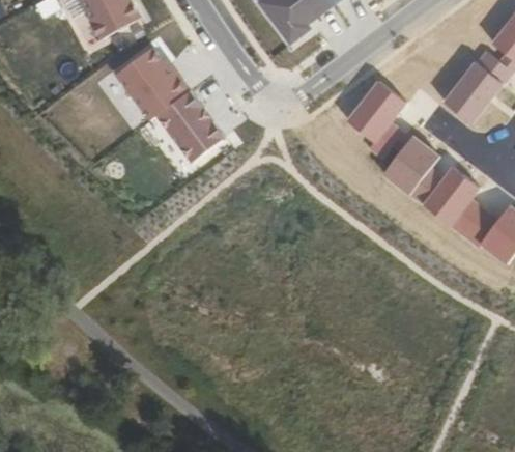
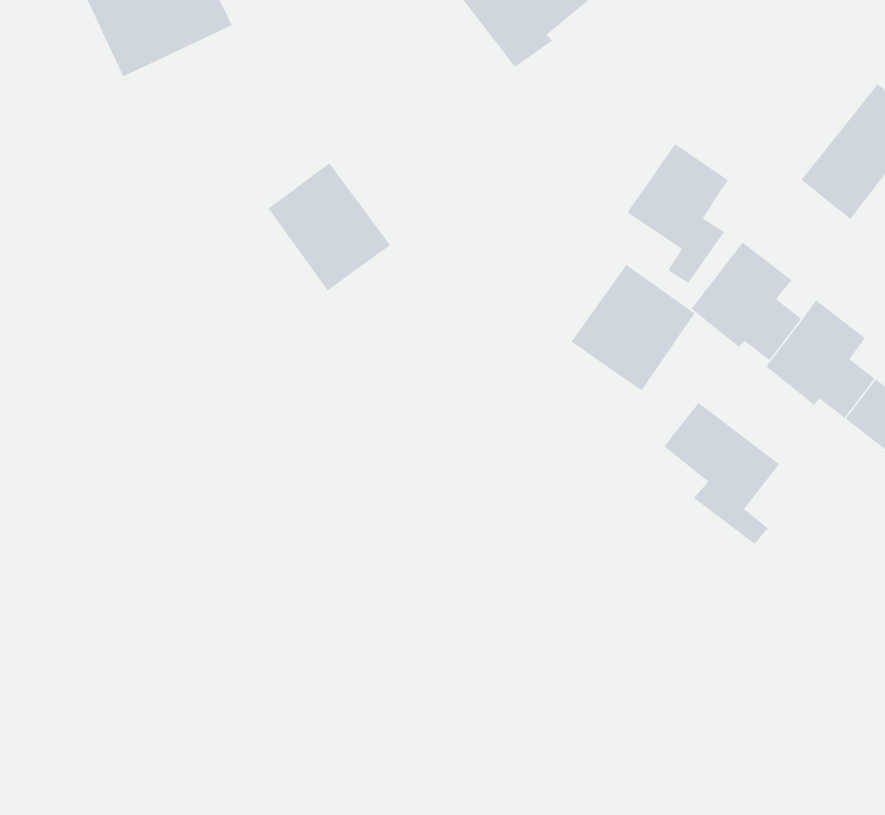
building: [114,43,190,120] -> none
building: none -> [570,264,696,391]
building: none -> [663,402,780,545]

